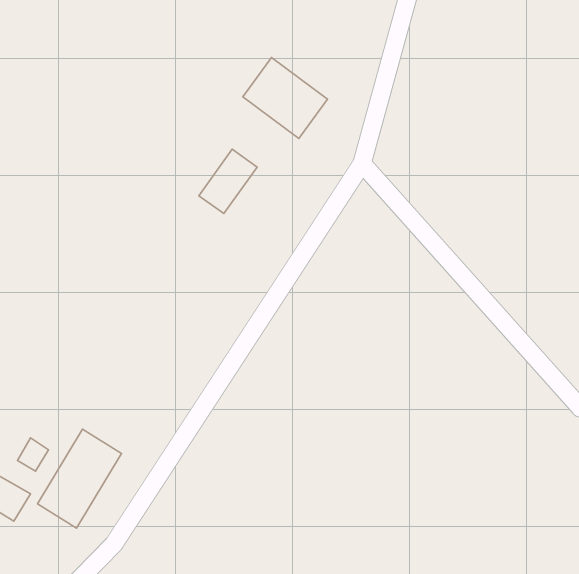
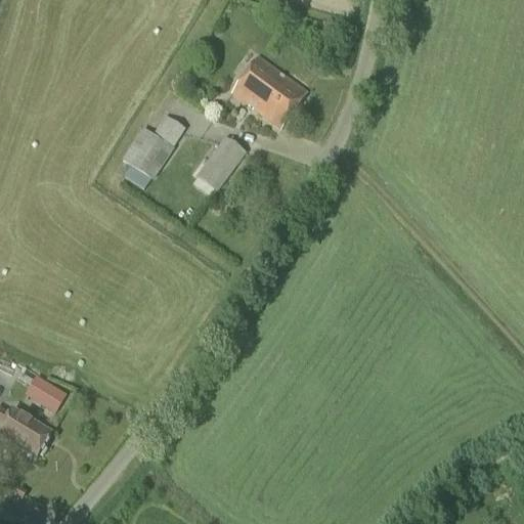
building: none -> [121,114,185,187]
building: [38,429,121,528] -> none

